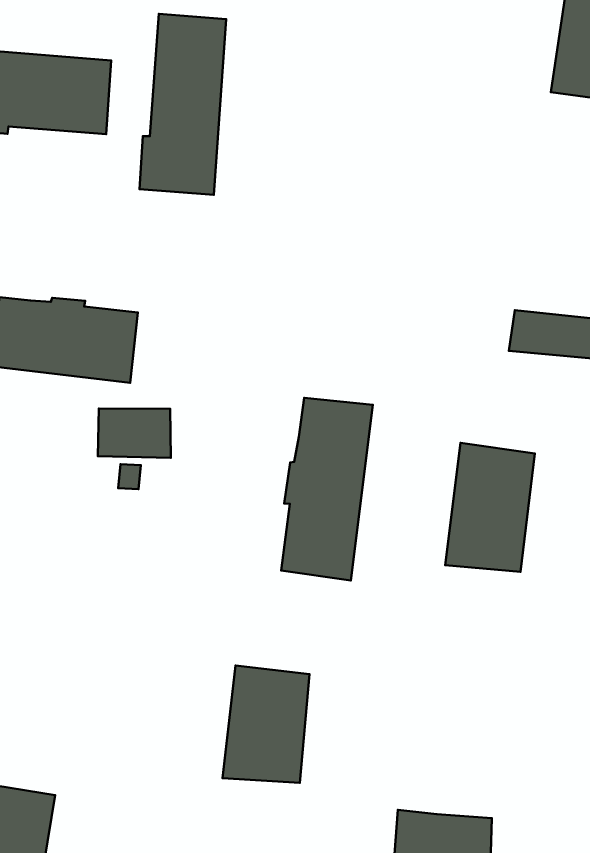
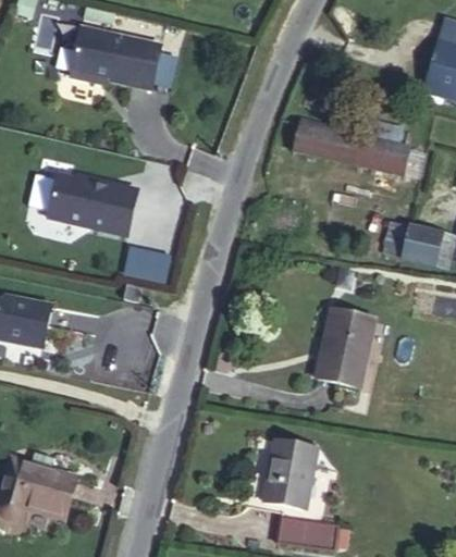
building: [139,14,226,195] -> none
building: none -> [295,124,403,175]
building: [281,398,373,580] -> none
building: [223,665,310,783] -> [257,432,317,507]

